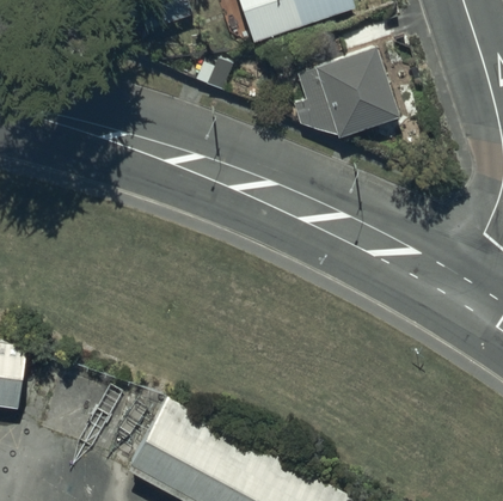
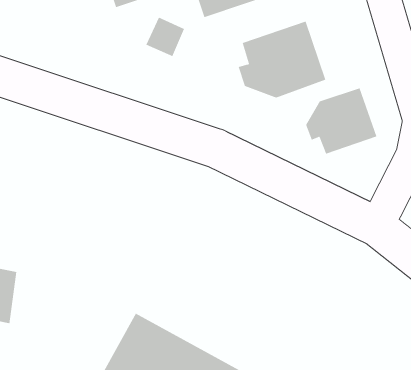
building: none -> [306,88,377,154]

